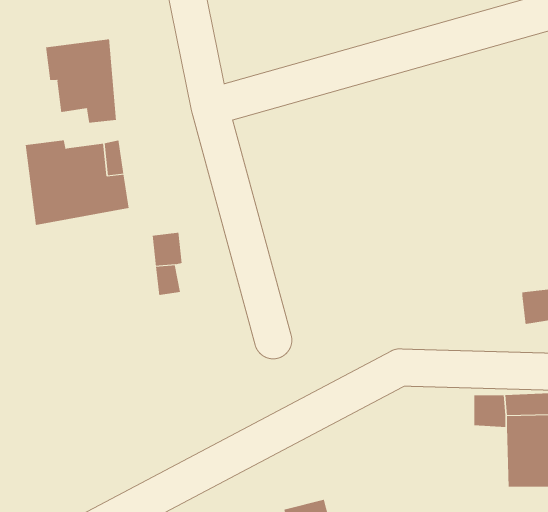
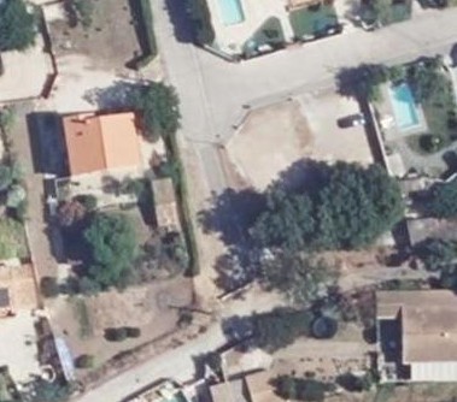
building: [45,38,116,124] -> none

